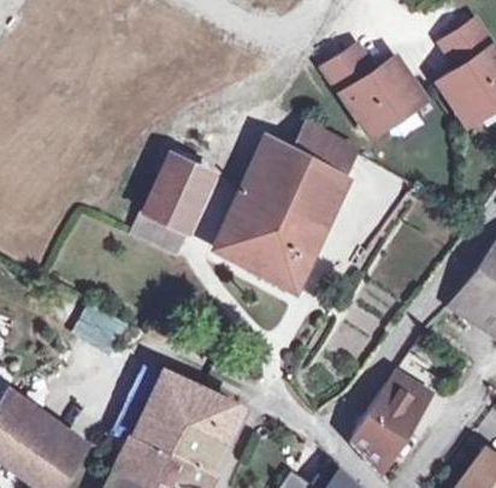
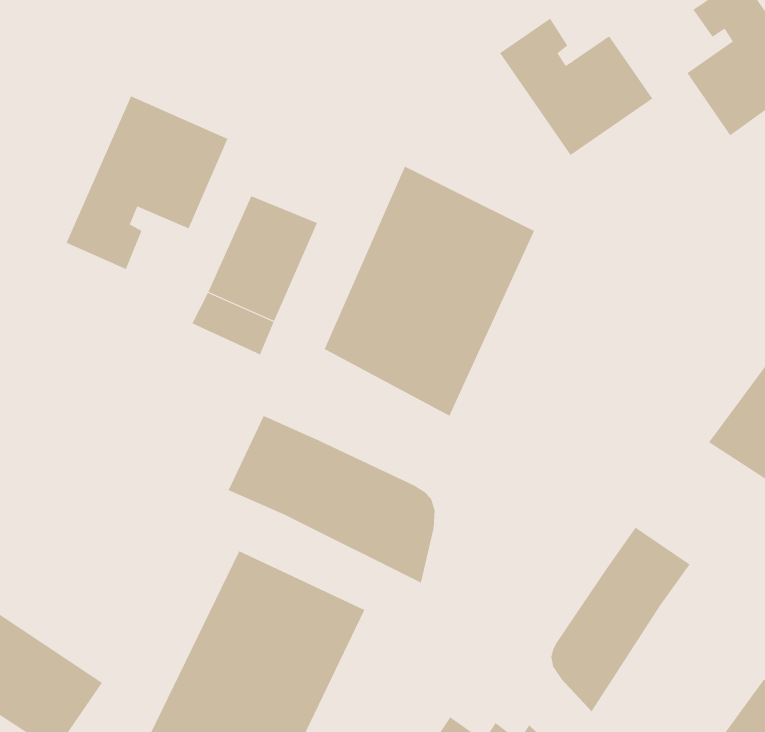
building: none -> [66,96,228,270]
building: [293,123,358,175] -> none
building: none -> [228,415,435,584]

